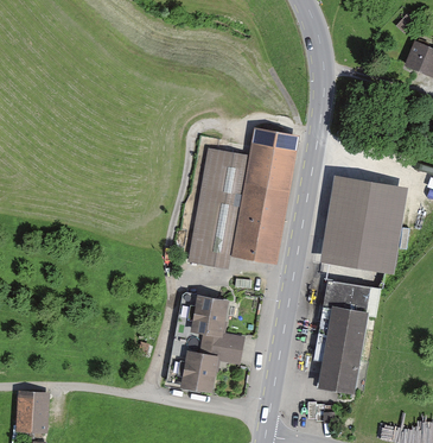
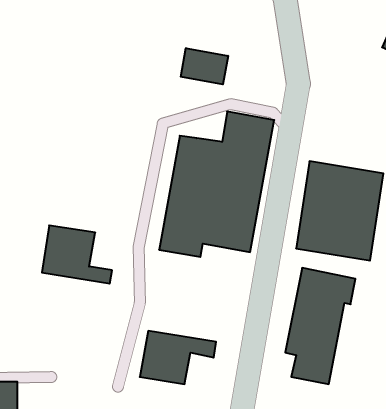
building: none -> [181,48,228,84]
building: [177,295,246,352] -> [42,225,112,284]

